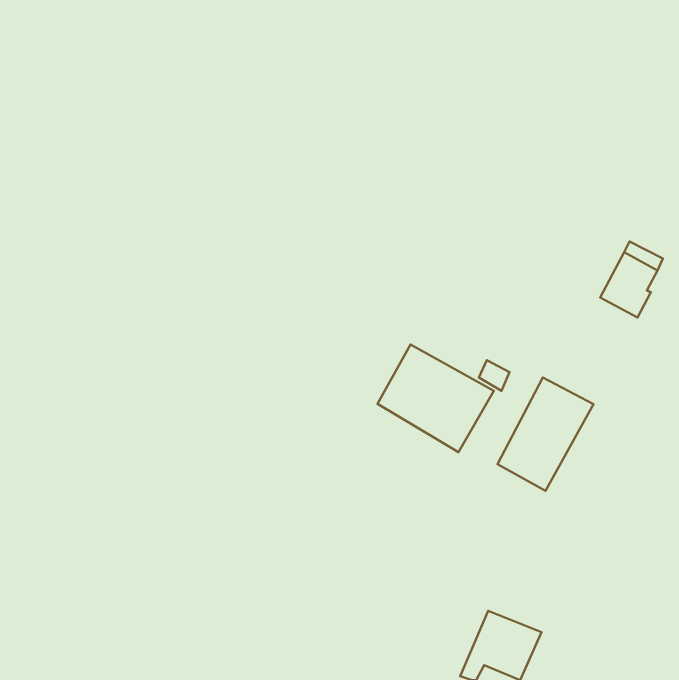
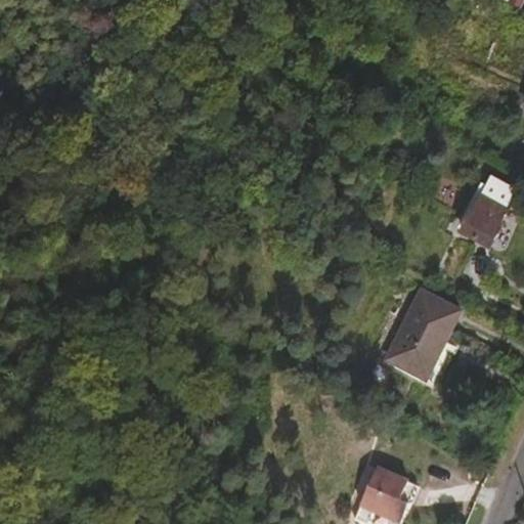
building: [378,345,494,452] -> none

